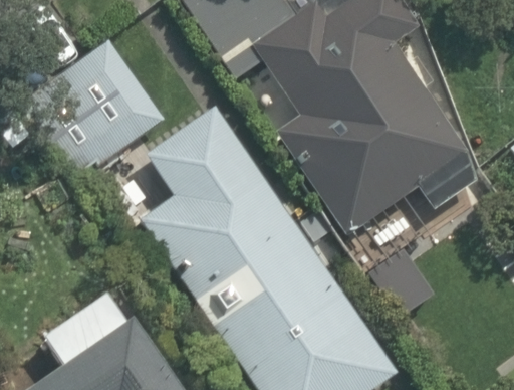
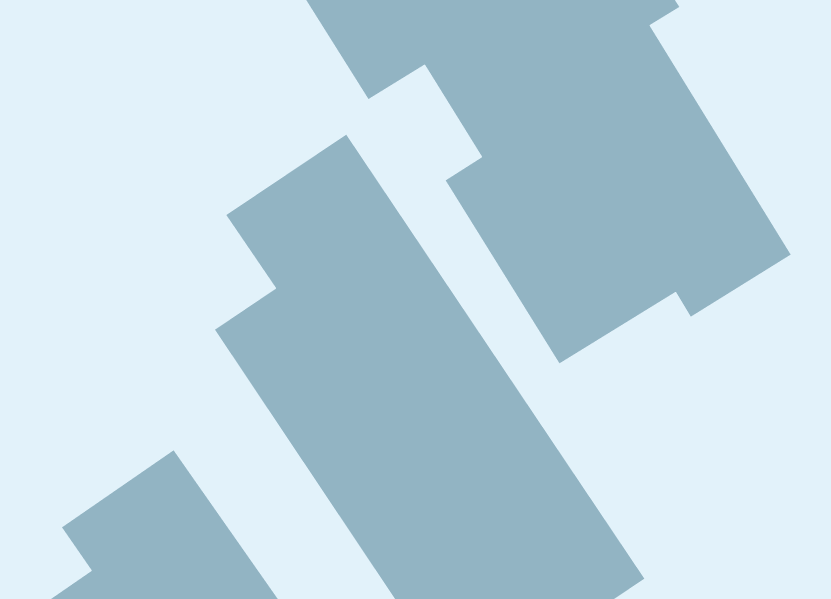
building: [21,41,165,181] -> none

